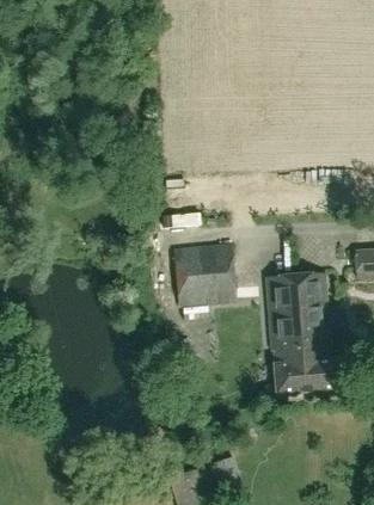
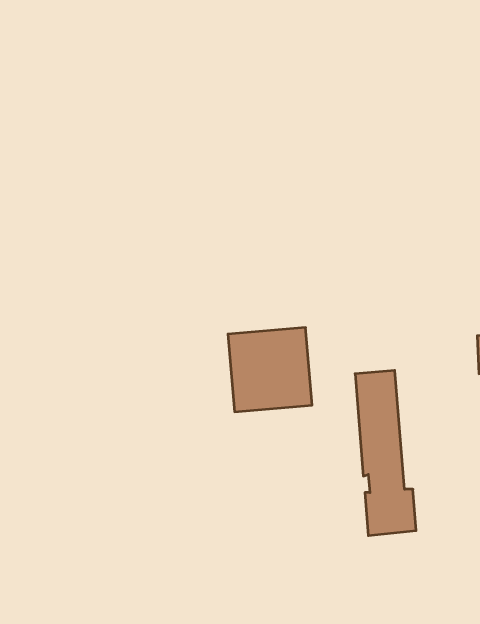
building: [296,272,341,390] -> none

